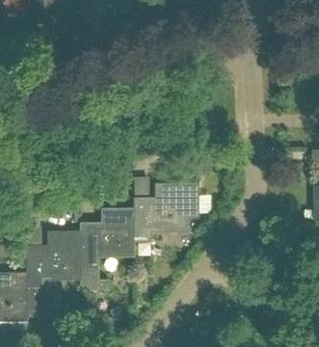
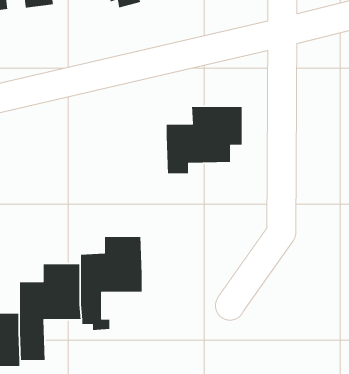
building: [133,181,199,240] -> [166,106,243,174]

